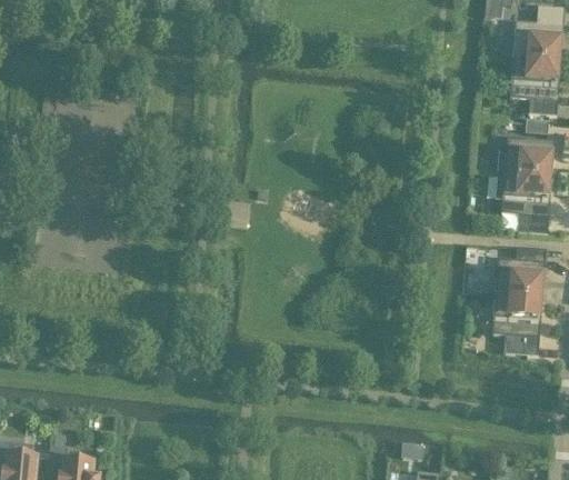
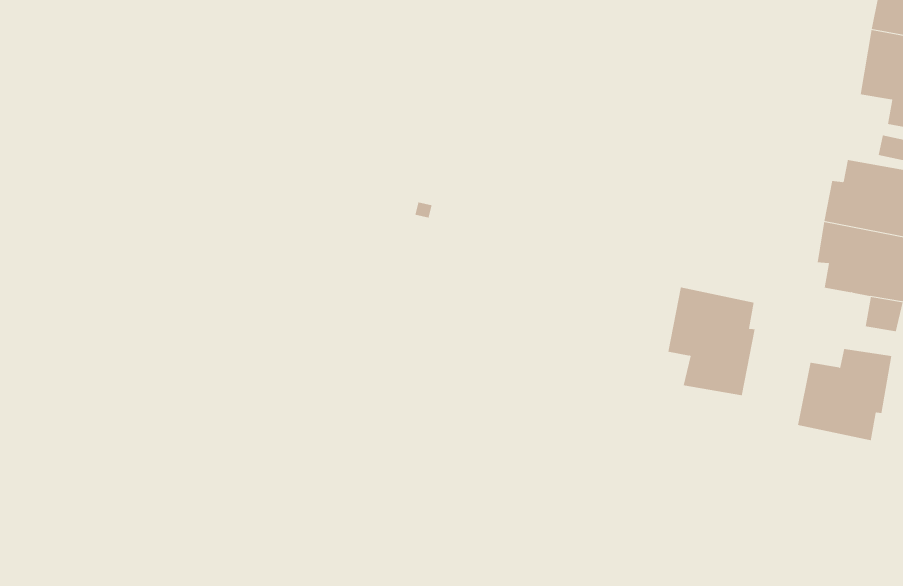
building: [492,296,542,356] -> [668,287,755,396]

